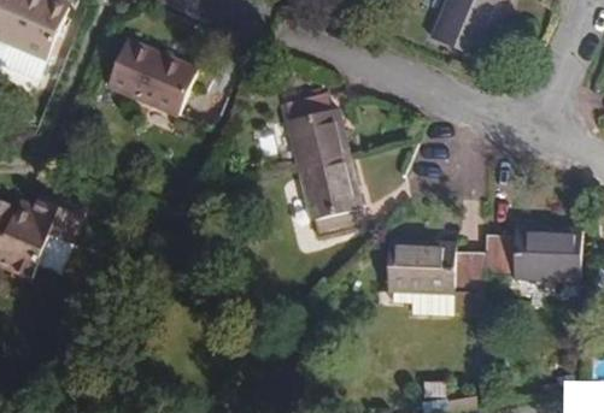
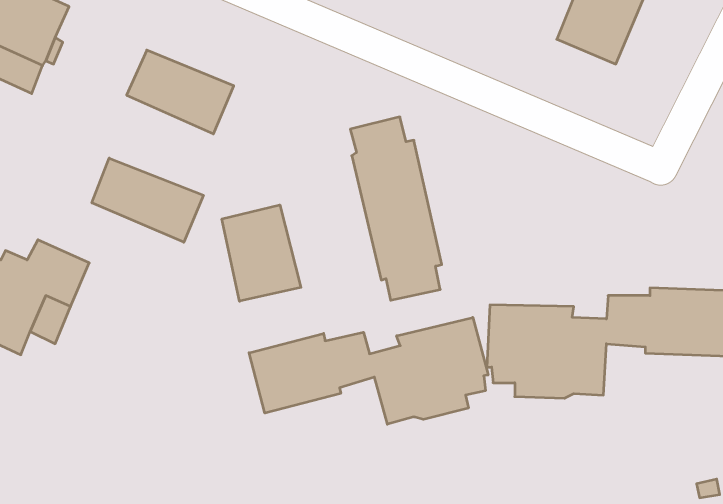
building: none -> [92,158,203,242]
building: none -> [222,205,301,301]
building: none -> [249,317,488,424]

